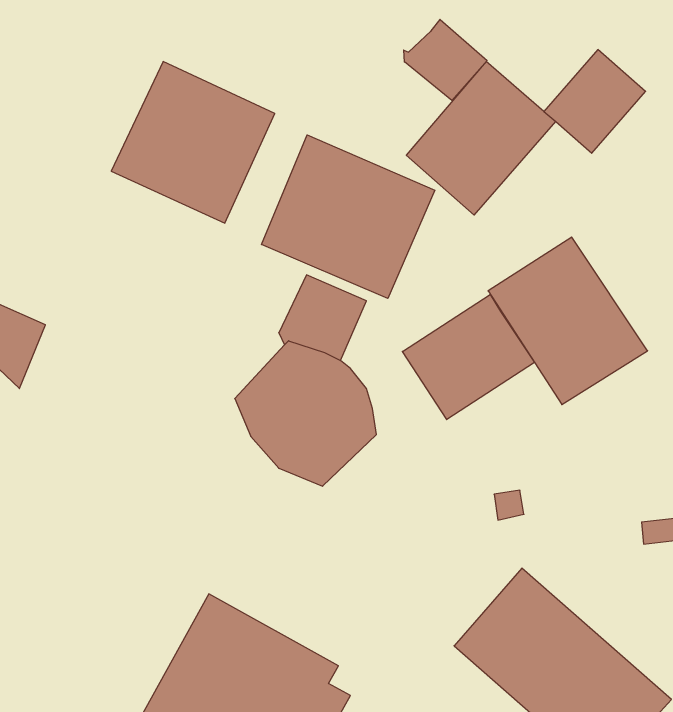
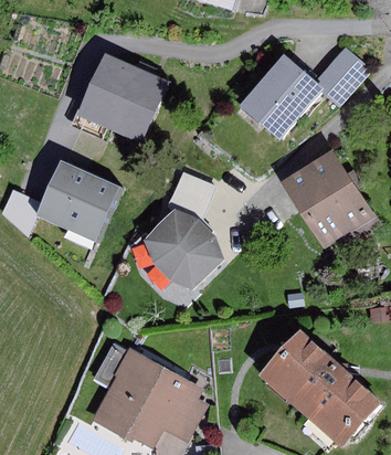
building: [404,19,487,101] -> none
building: [262,135,435,298] -> none
building: none -> [36,160,124,244]
building: [402,294,535,420] -> none

